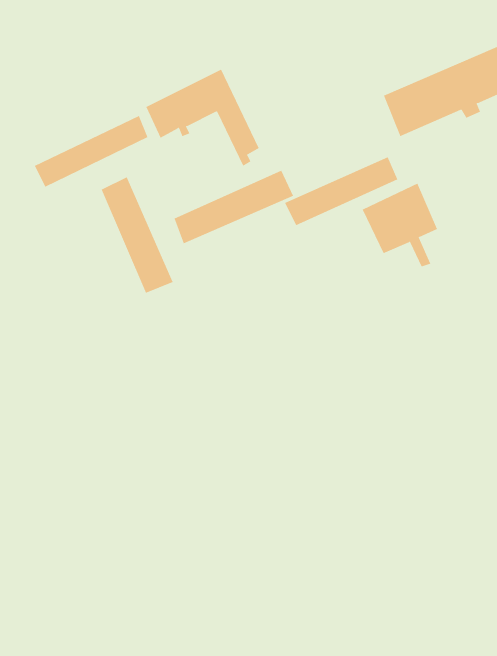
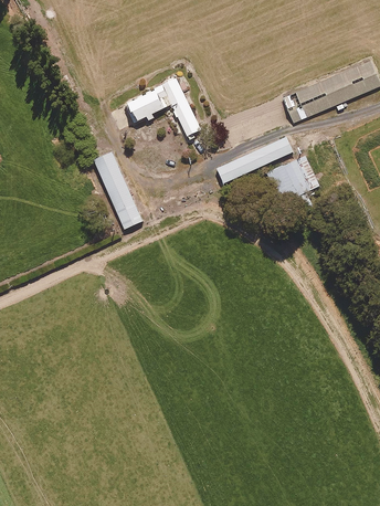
building: [34,115,148,187] -> none
building: [174,170,294,244] -> none

